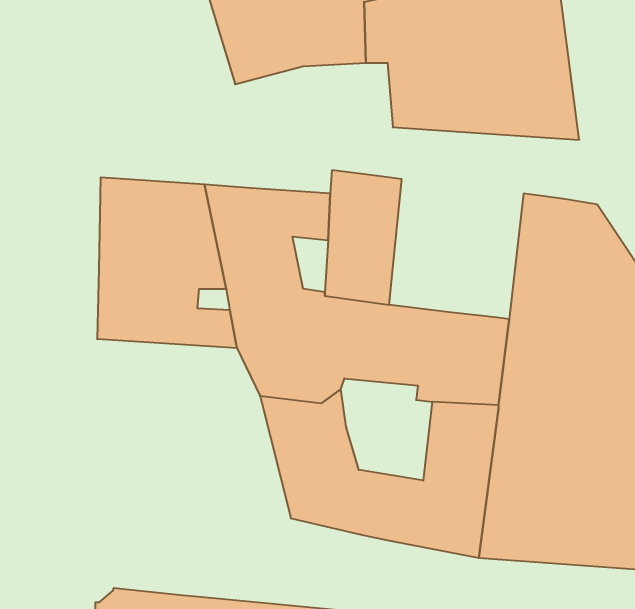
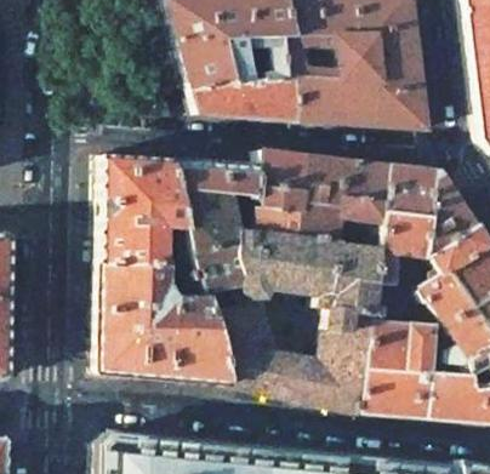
building: none -> [199,79,306,122]
building: none -> [303,158,394,252]
building: none -> [104,265,237,386]

